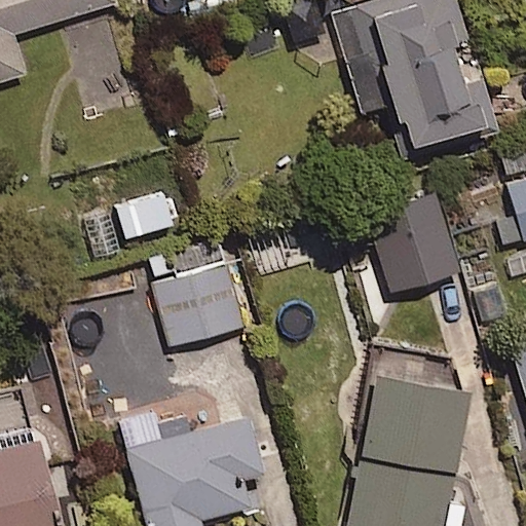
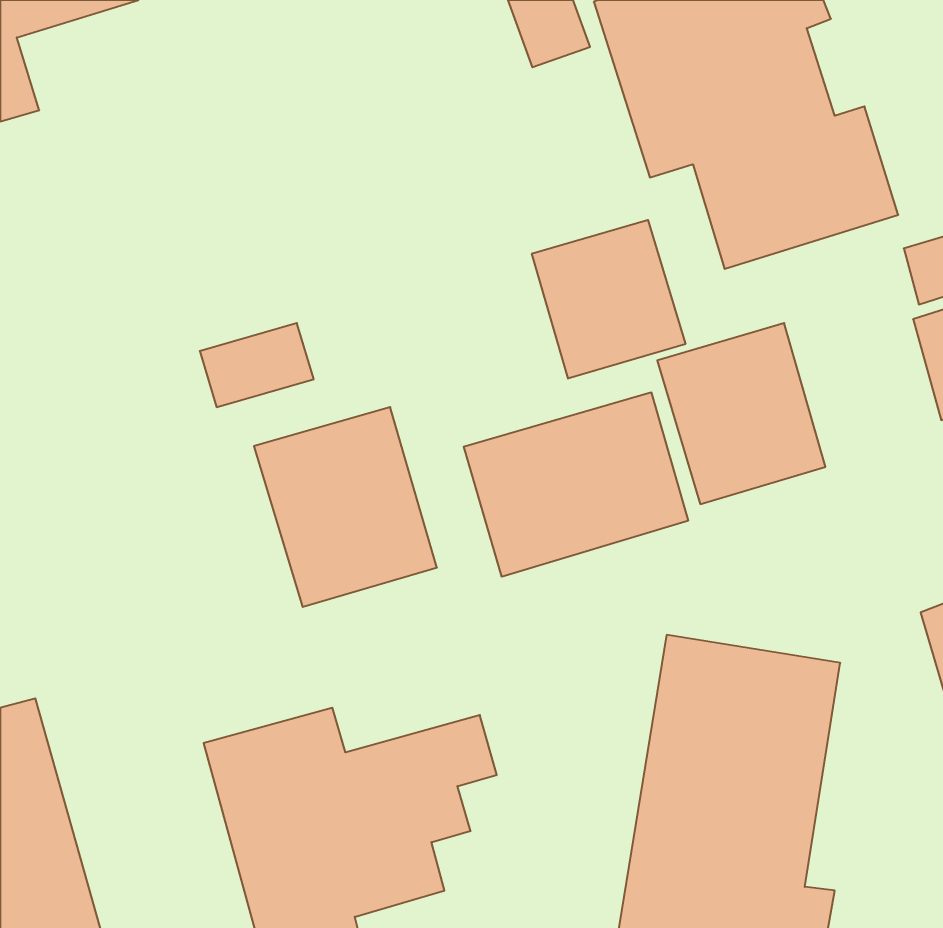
building: none -> [532,220,685,379]
building: none -> [464,392,688,577]

